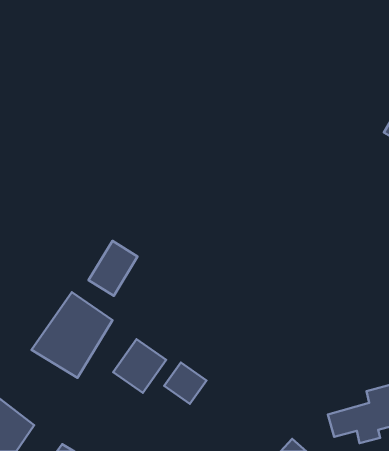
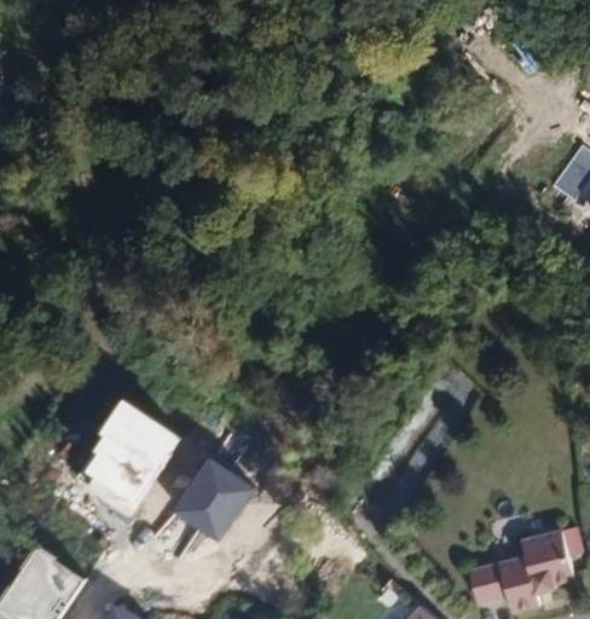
building: [88,241,138,296] -> none
building: [164,363,206,404] -> none

